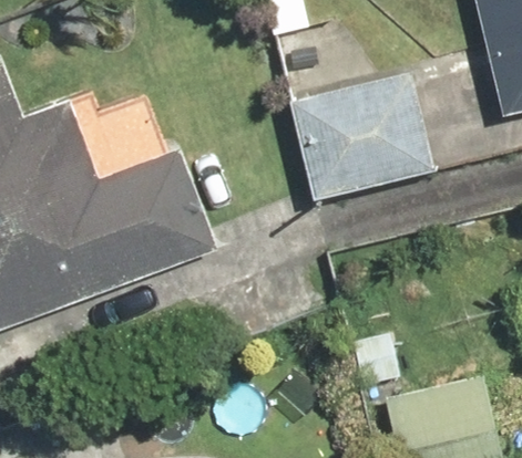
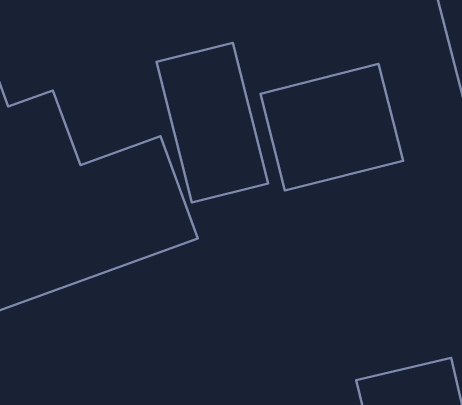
building: none -> [156,43,268,203]

